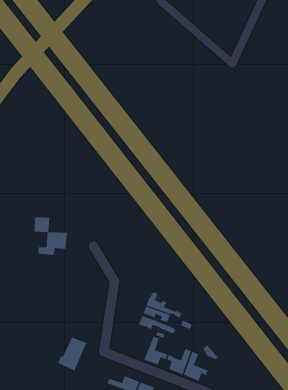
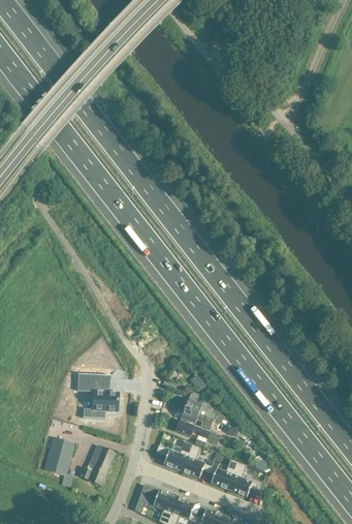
building: [33,217,68,255] -> [77,374,118,420]
building: none -> [43,436,73,486]
building: none -> [159,440,192,471]

